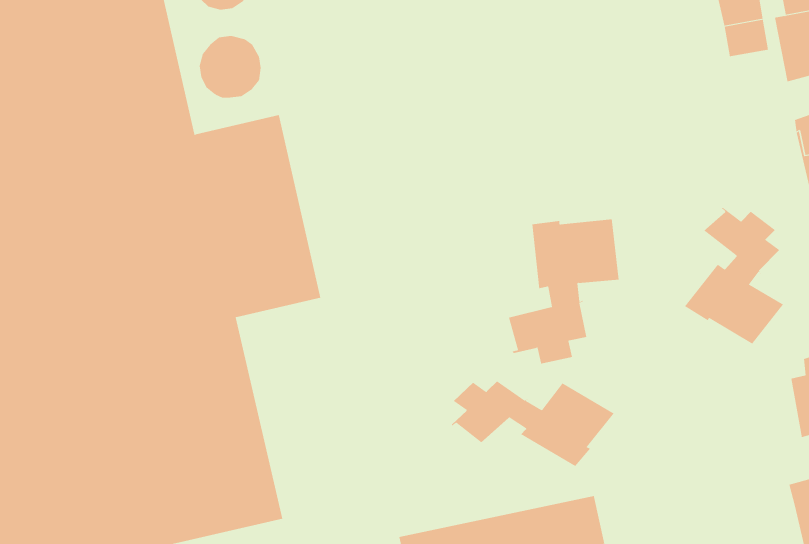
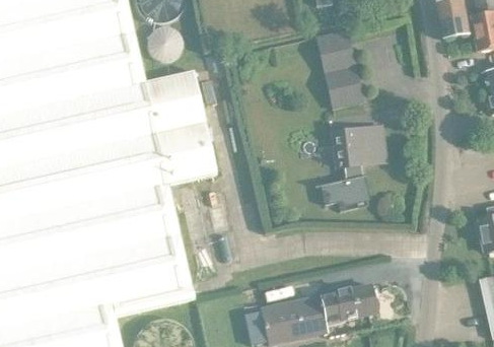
building: none -> [315,30,361,109]
building: [684,207,784,344] -> none
building: [451,380,614,467] -> none

